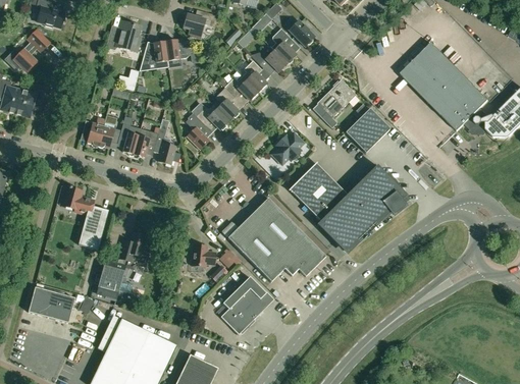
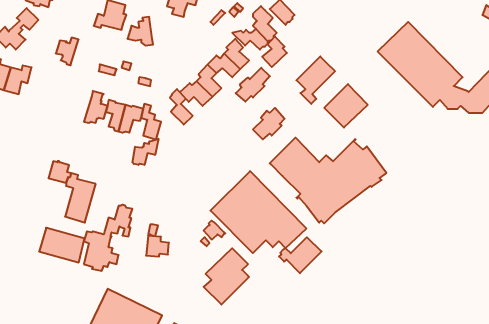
building: [164,37,194,60] -> none
building: none -> [262,36,287,67]
building: none -> [236,68,270,102]
building: [82,117,105,146] -> [56,38,79,65]
building: none -> [133,139,158,165]
building: [192,244,215,266] -> [146,236,169,257]
building: none -> [279,237,322,273]
building: [28,286,74,322] -> [39,228,85,262]

